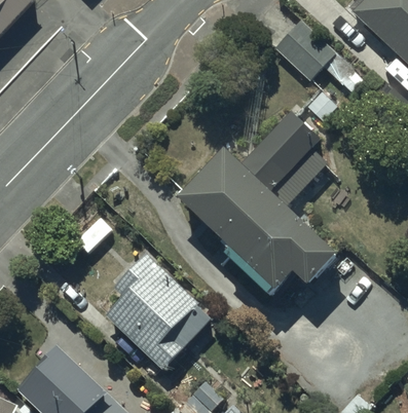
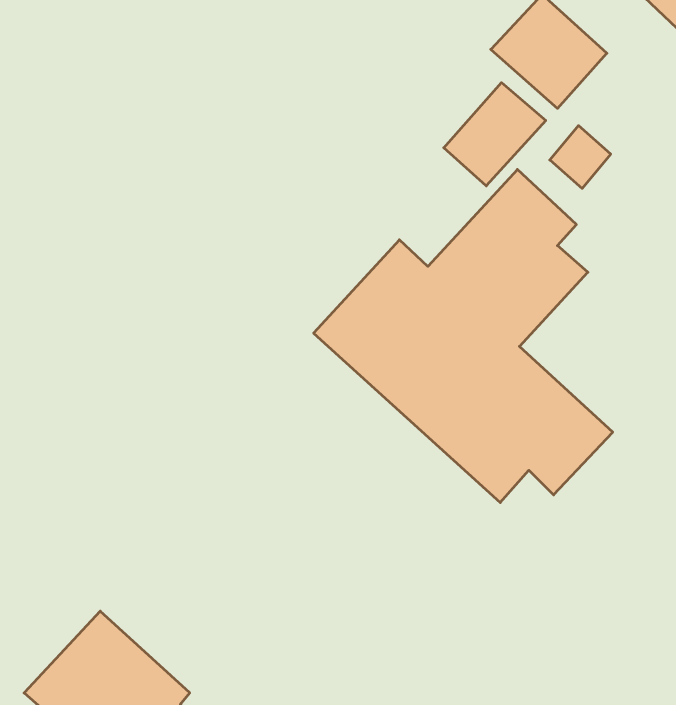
building: none -> [444,83,546,186]
building: [107,259,213,373] -> none

